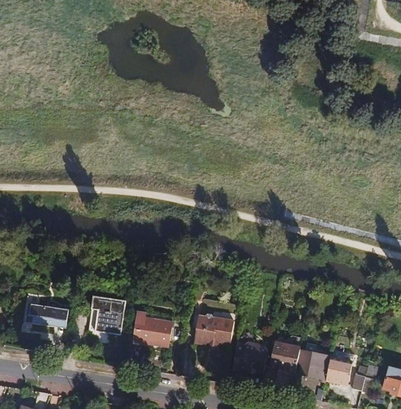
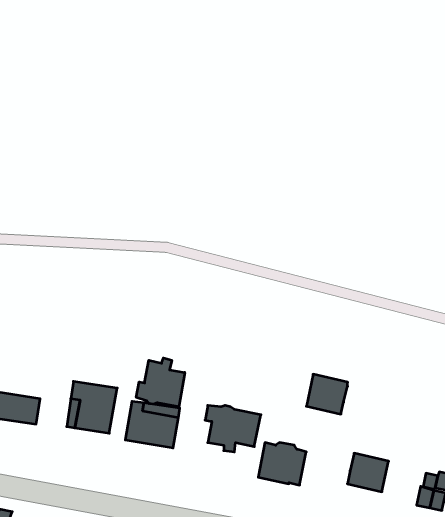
building: none -> [136,358,185,407]
building: [269,341,300,371] -> [306,374,348,414]
building: [325,357,352,384] -> none

